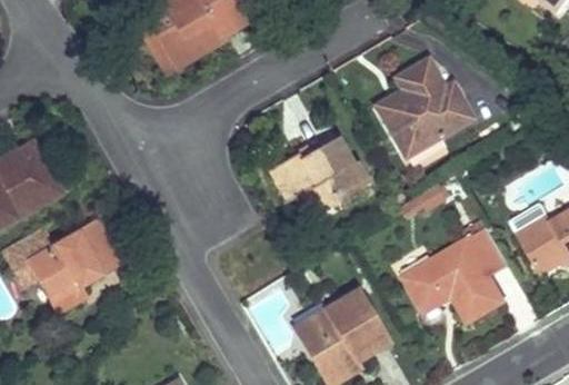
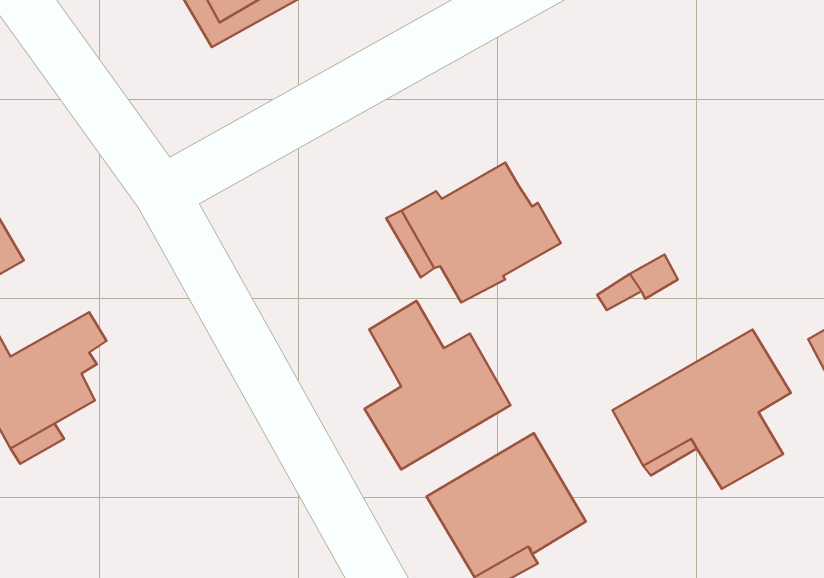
building: [382,56,473,152] -> none
building: none -> [365,301,510,470]

